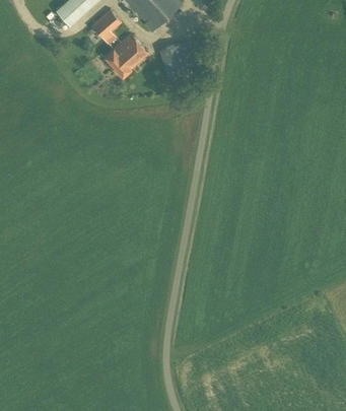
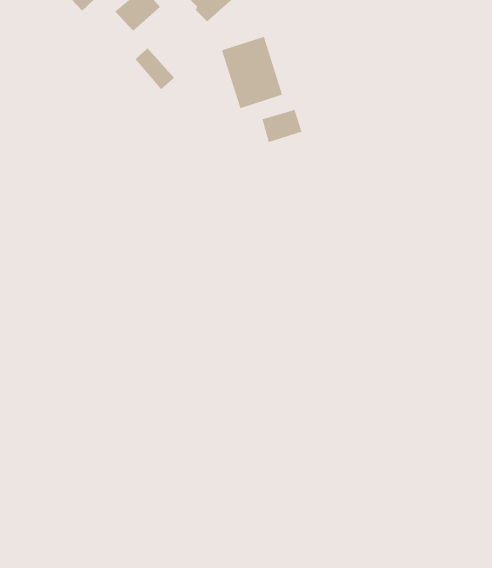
building: [113,33,147,68] -> none
building: none -> [262,109,302,143]

